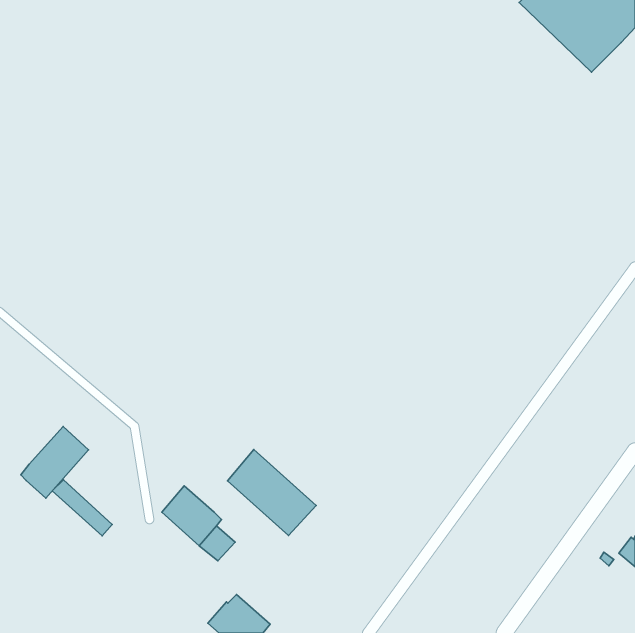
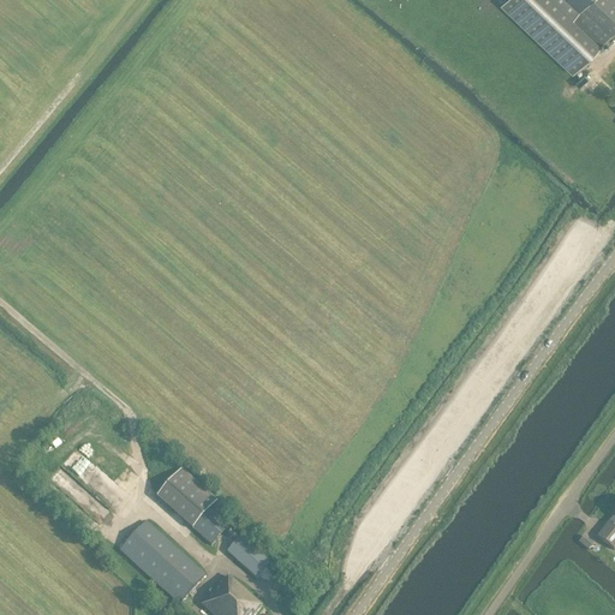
building: [21,426,89,498] -> none
building: [228,450,316,536] -> [119,518,204,601]
building: none -> [226,533,269,574]

